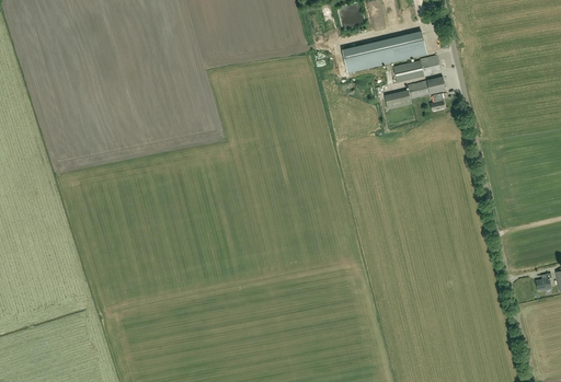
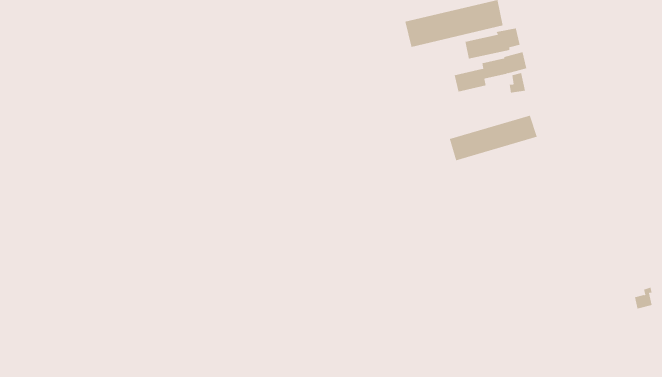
building: none -> [449,115,538,161]

